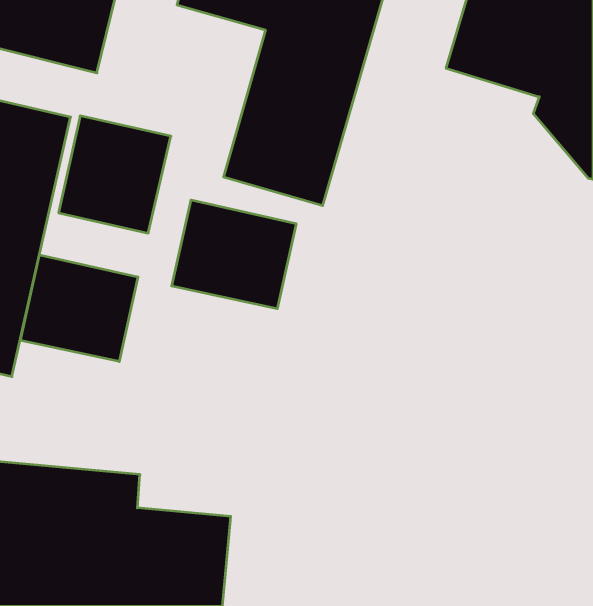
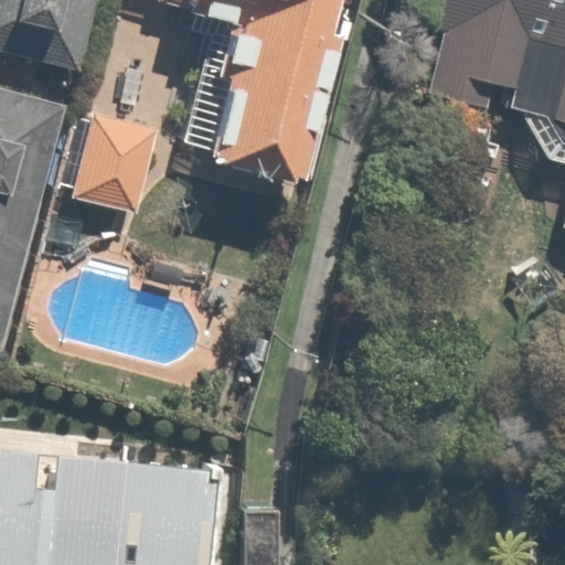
building: [172,200,296,309] -> none
building: [20,255,138,362] -> none

